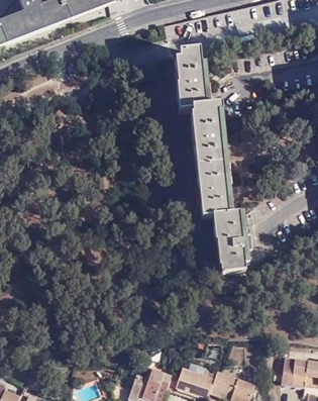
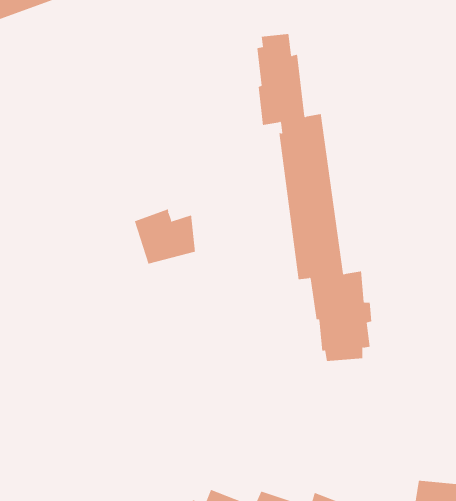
building: none -> [134,209,195,265]

